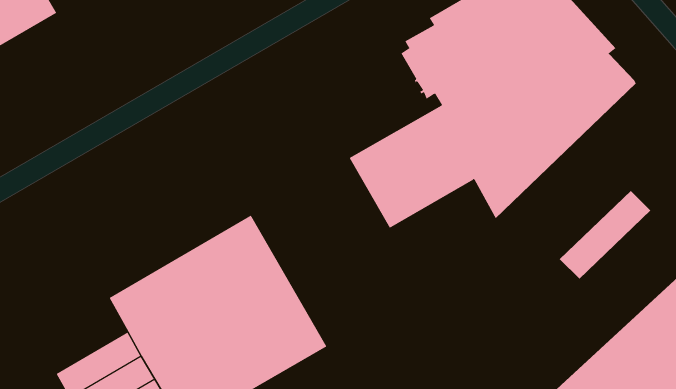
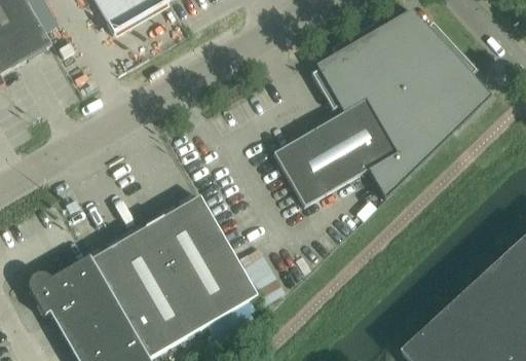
building: [559,190,651,279] -> none
building: none -> [28,254,106,315]

